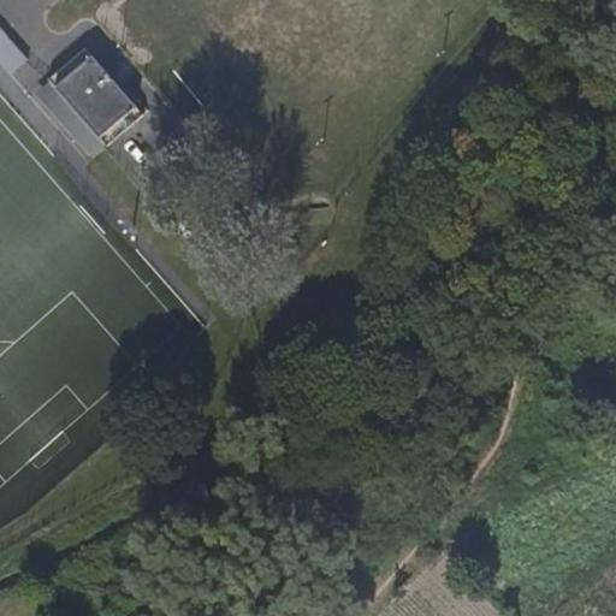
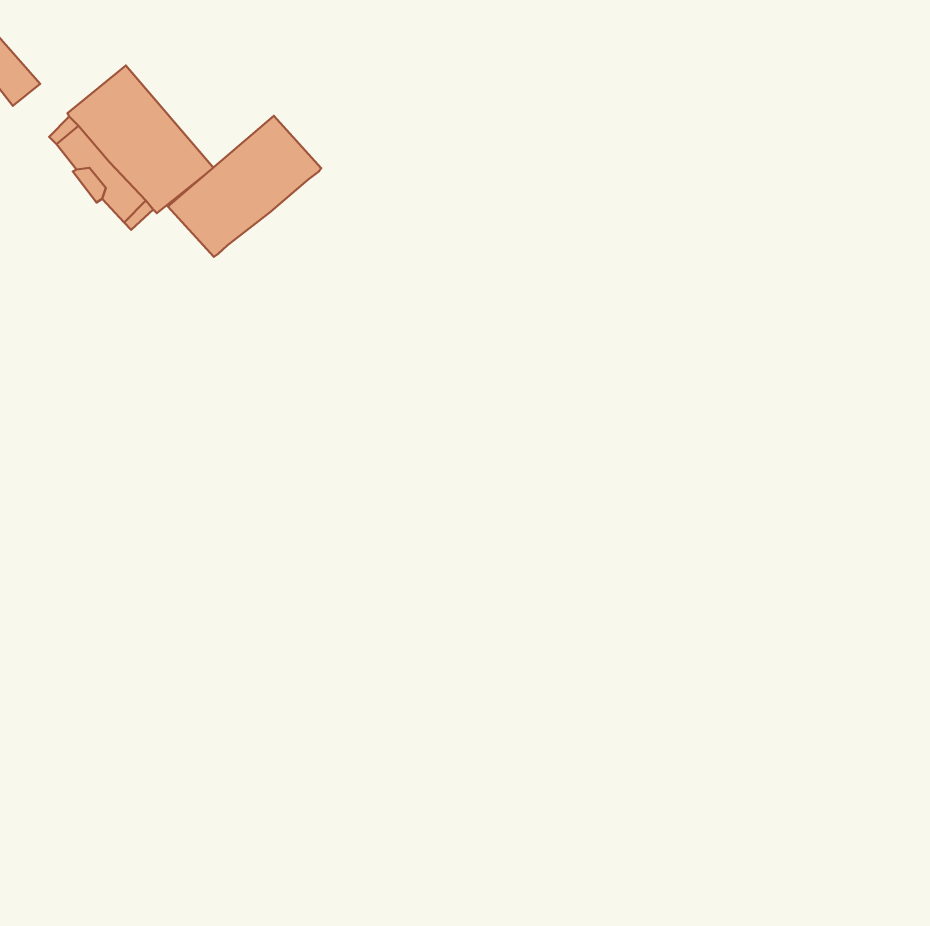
building: none -> [168,116,321,257]

